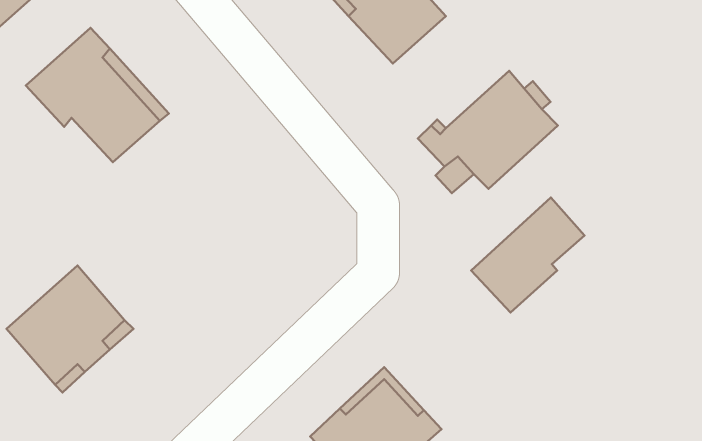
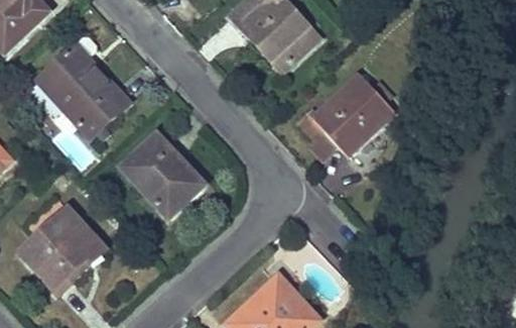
building: none -> [120,132,203,216]
building: [471,198,584,312] -> none

